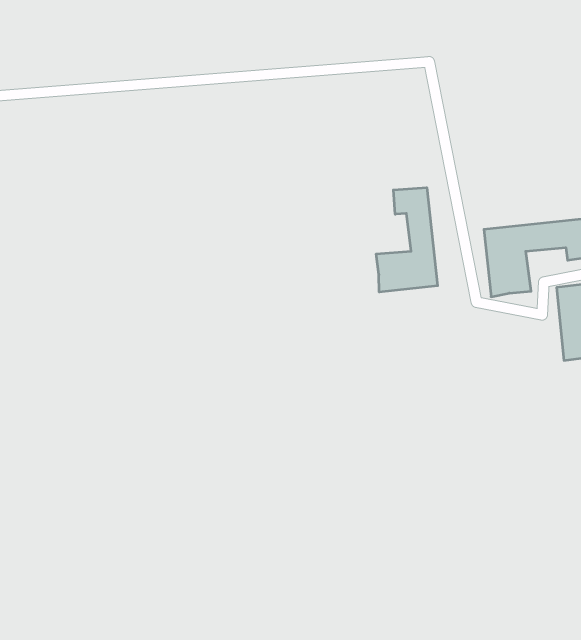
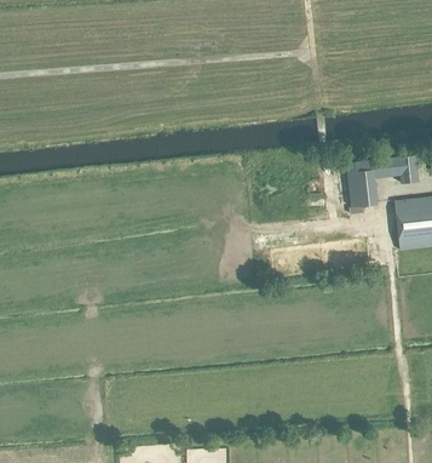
building: [376,188,438,292] -> none

